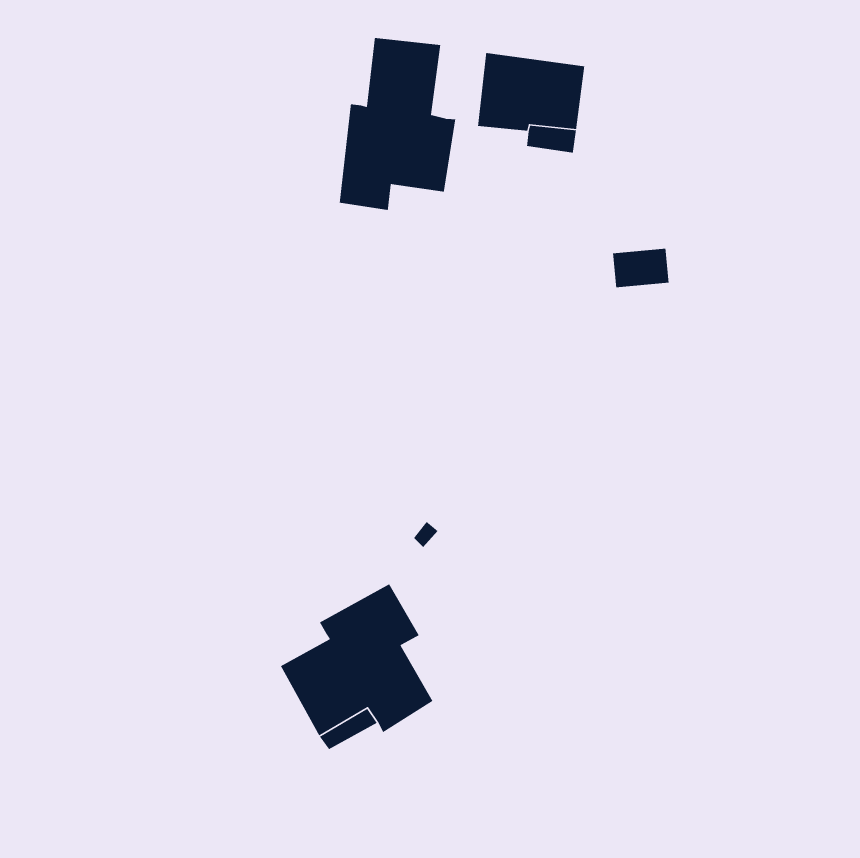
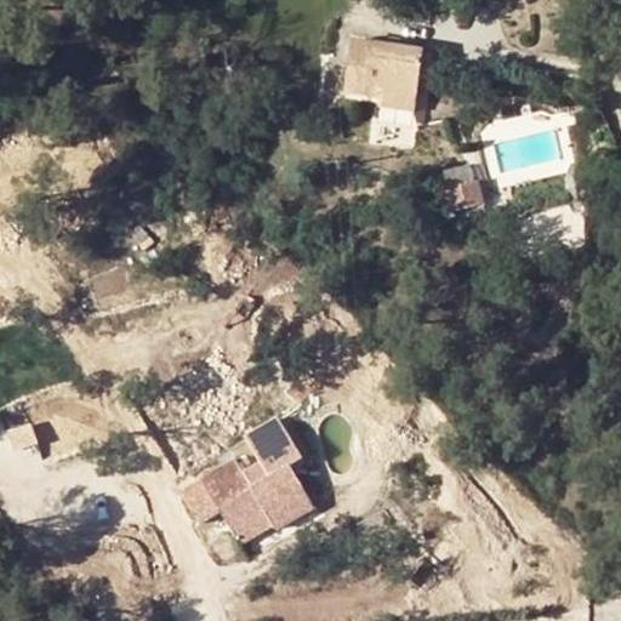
building: [339,37,456,211] -> none

